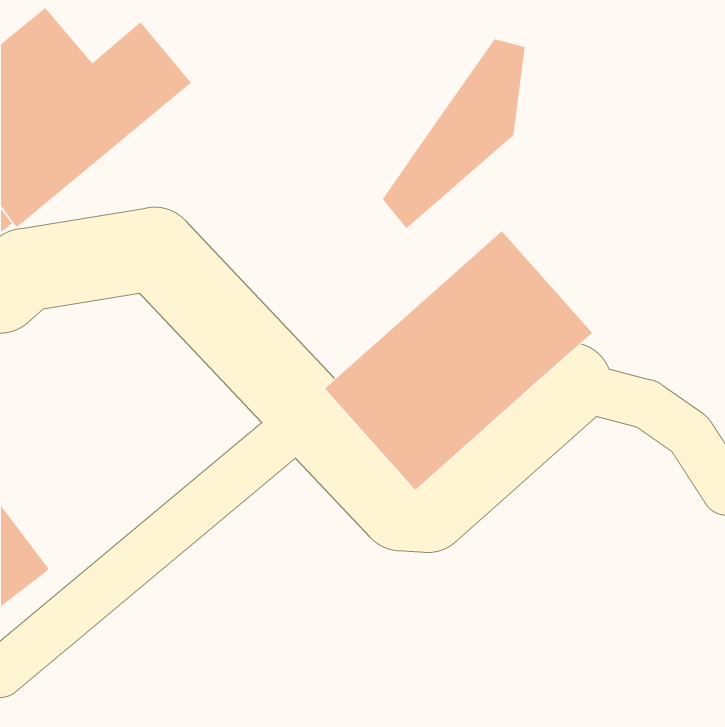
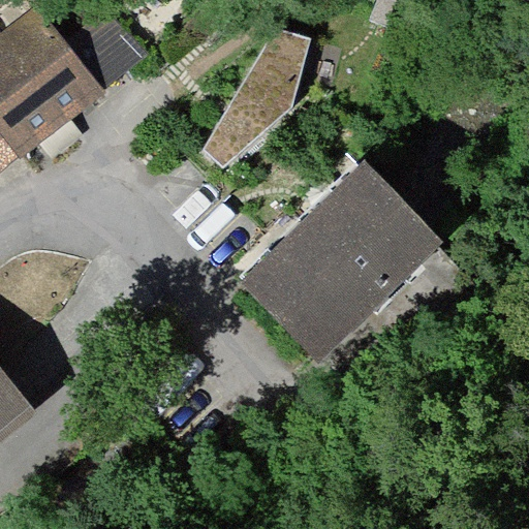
building: [382,38,526,229] -> [203,27,307,165]

